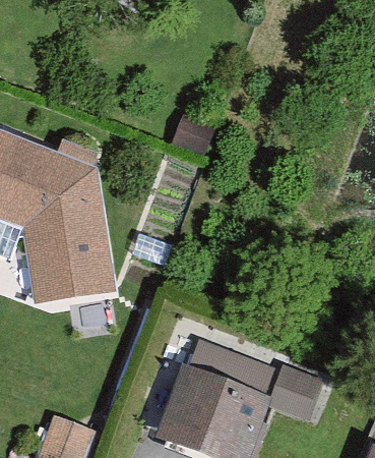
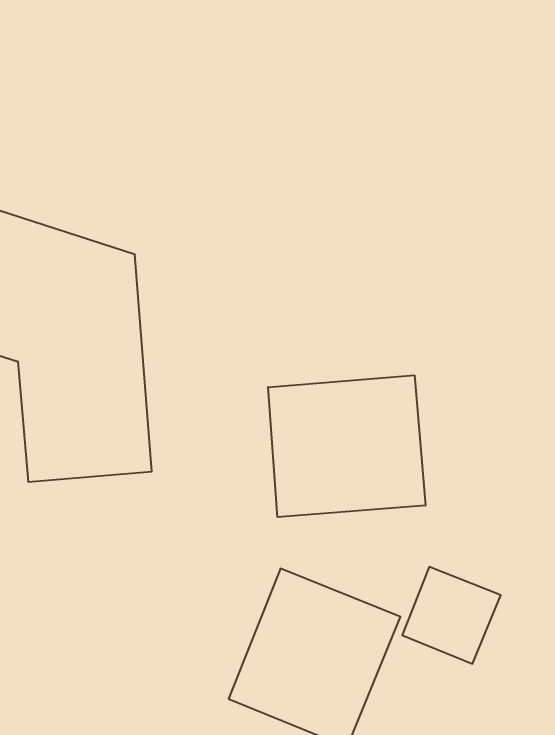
building: none -> [268,375,425,517]

